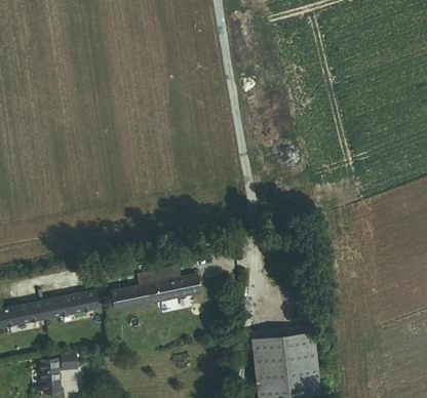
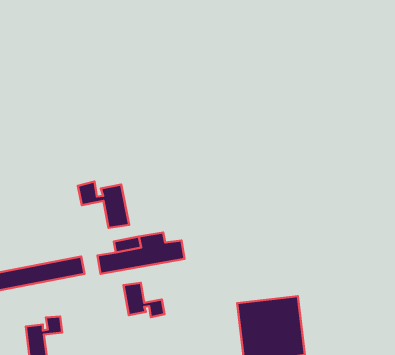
building: none -> [78,182,129,228]
building: none -> [124,283,164,317]

